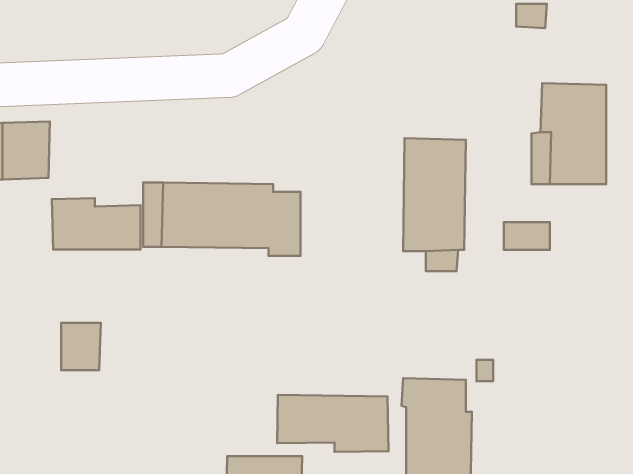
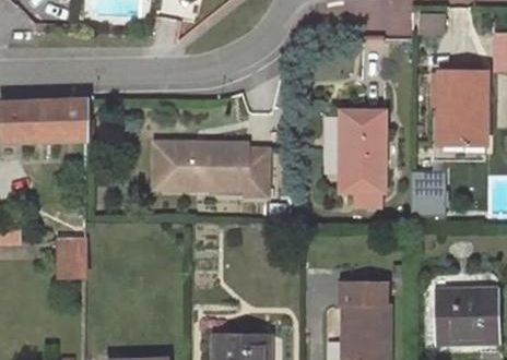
building: [52,198,140,249] -> none
building: [61,323,101,370] -> [58,241,86,275]
building: none -> [436,288,498,340]
building: [277,395,388,452] -> none

